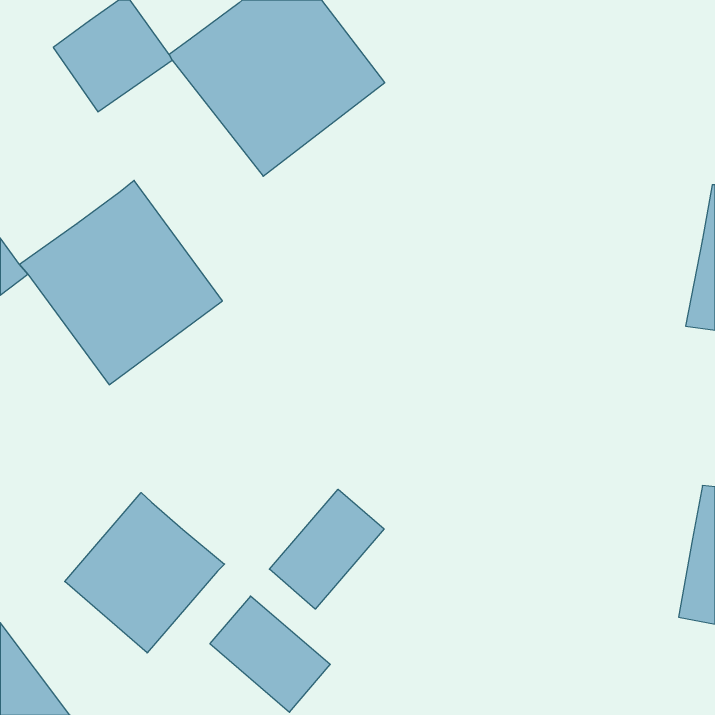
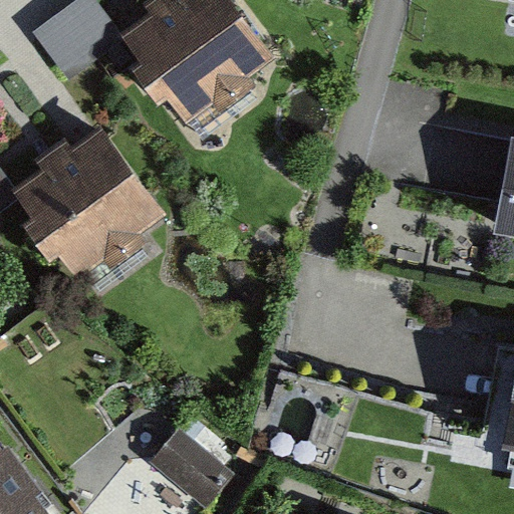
building: [269,489,384,609] -> none
building: [65,493,225,653] -> none

